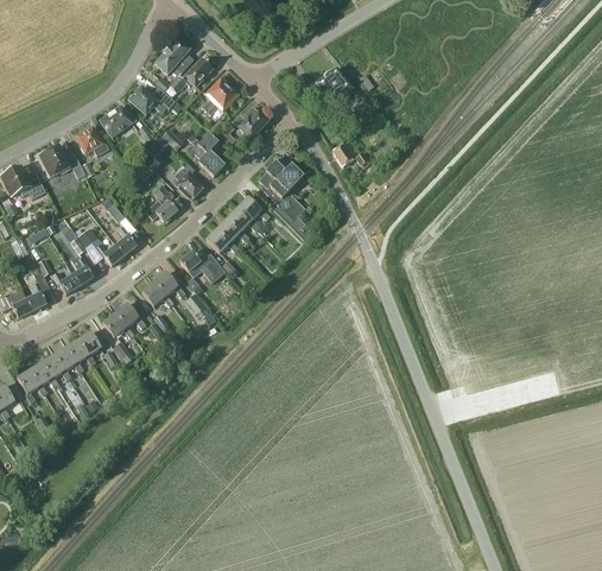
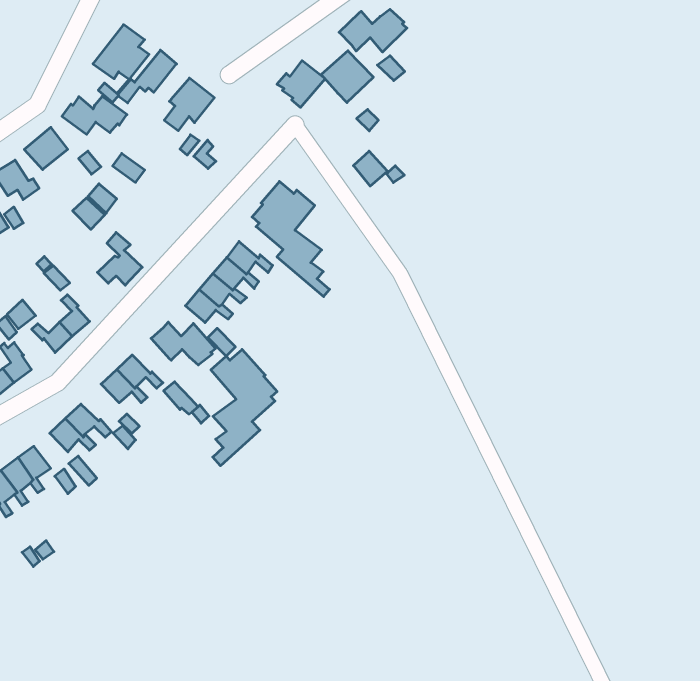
building: none -> [339,9,407,52]
building: [233,107,267,140] -> [277,61,325,107]
building: [188,133,224,177] -> none
building: [173,164,203,199] -> none
building: none -> [211,349,277,466]

